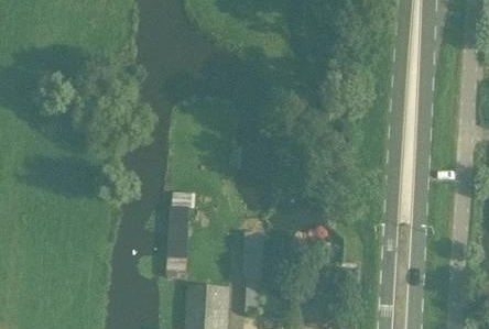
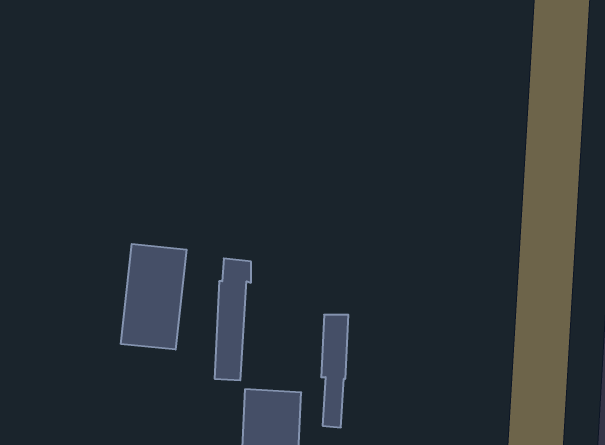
building: none -> [121,244,187,350]

